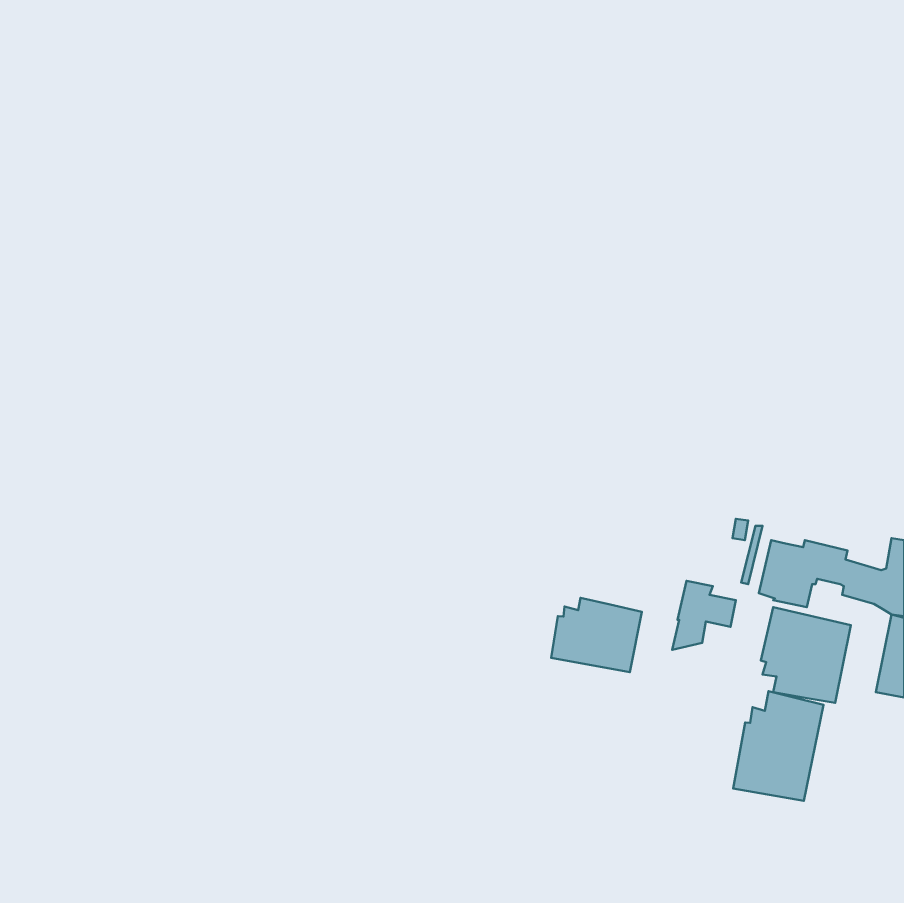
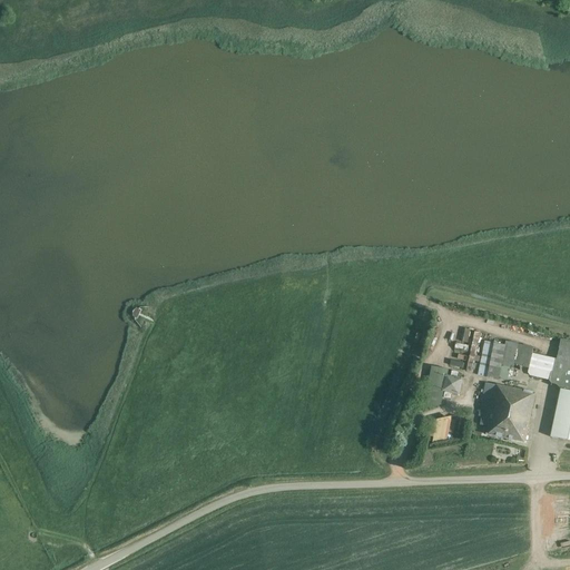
building: [551,598,642,672] -> none
building: [733,691,824,801] -> none

